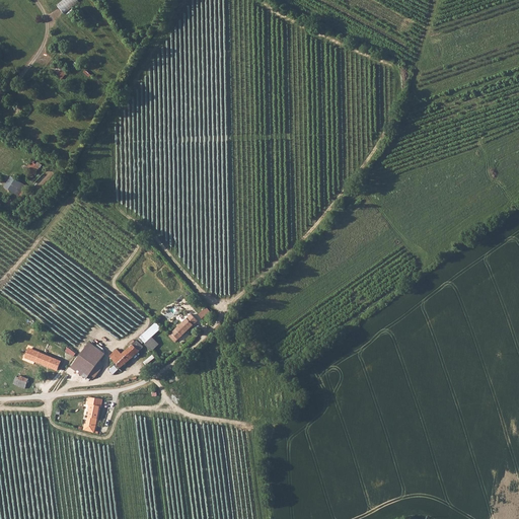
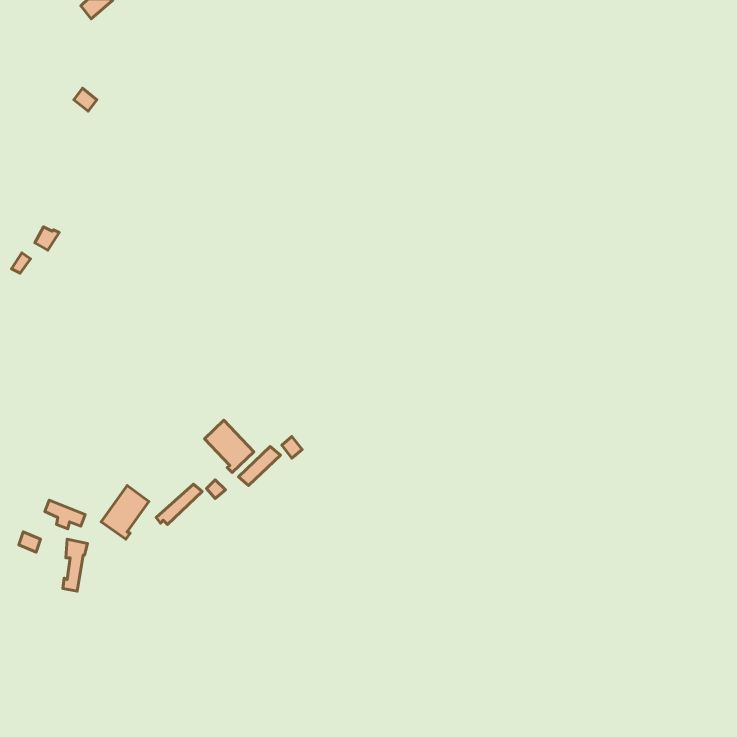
building: none -> [205,420,254,472]
building: [84,395,101,432] -> [63,539,87,591]

